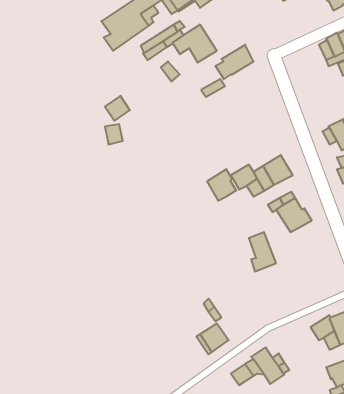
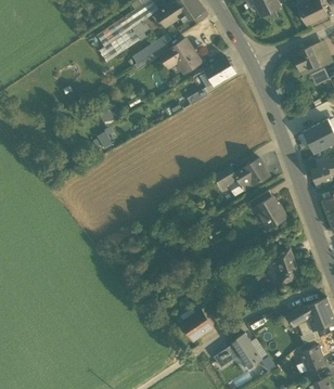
building: [207,169,236,201] -> none
building: [249,232,276,271] -> [277,249,301,285]

